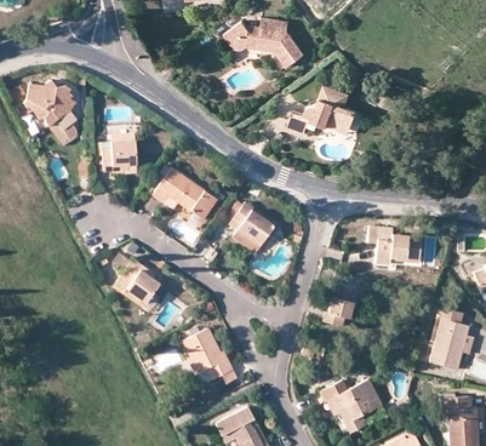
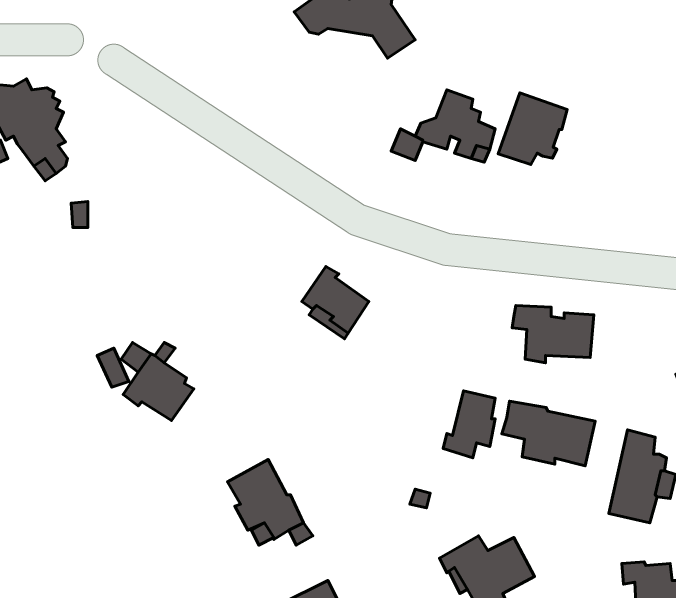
building: none -> [498,93,567,164]
building: [97,133,136,172] -> none
building: [153,166,217,221] -> none
building: none -> [502,401,595,466]

